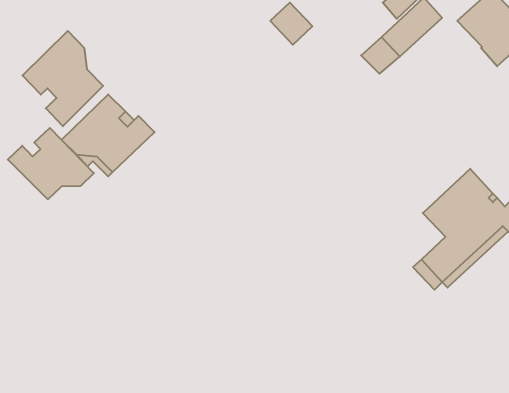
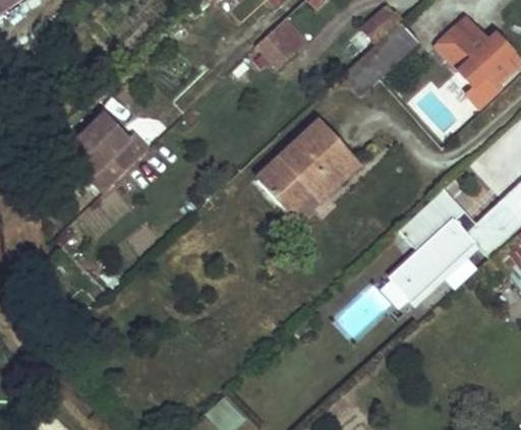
building: [22,31,103,126] -> none
building: none -> [257,122,359,225]
building: [8,128,94,199] -> none

